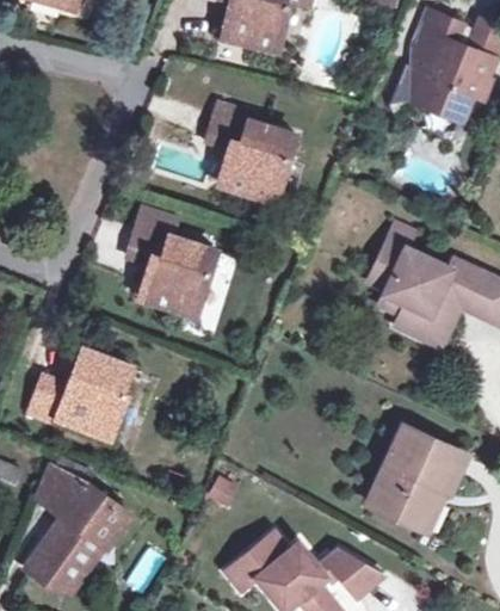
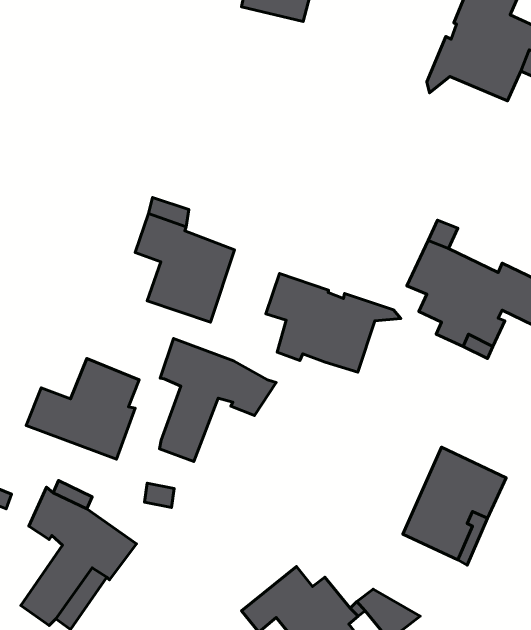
building: [209,104,297,200] -> none
building: none -> [266,273,401,372]
building: none -> [160,339,276,461]

